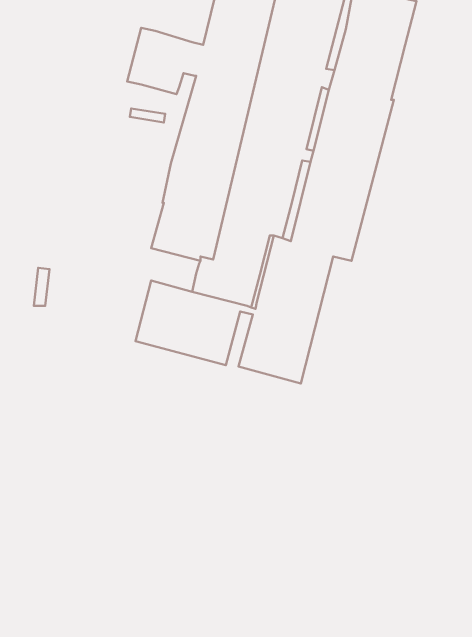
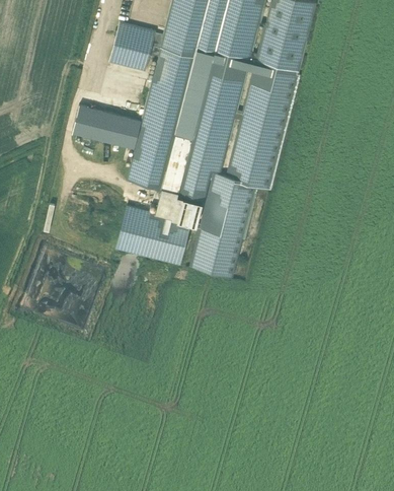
building: none -> [72,103,140,148]

